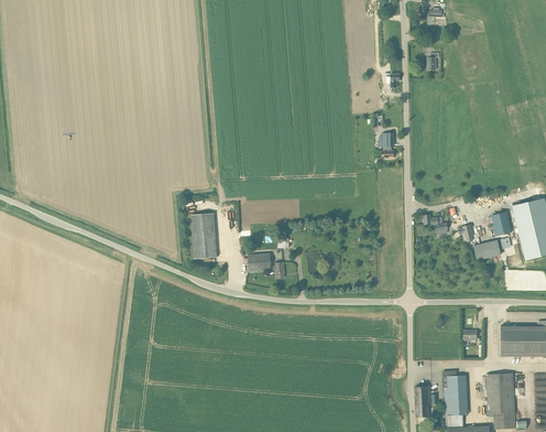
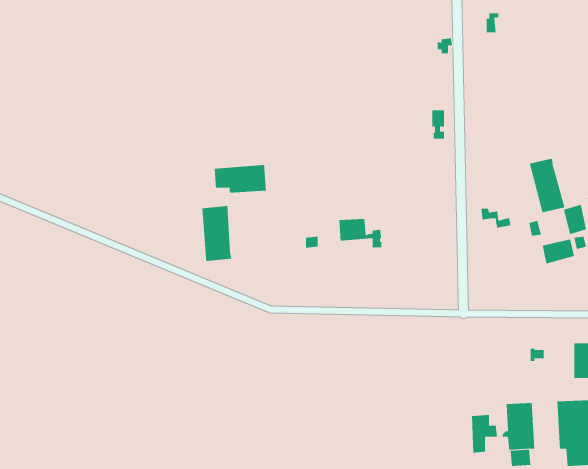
building: none -> [529,158,565,213]
building: none -> [214,164,267,193]
building: [248,252,284,277] -> [338,219,382,248]

